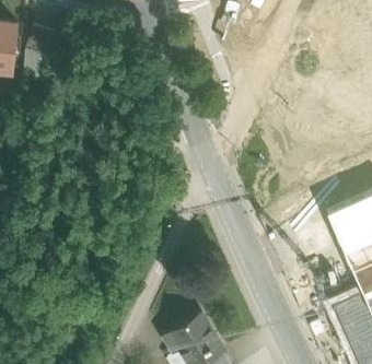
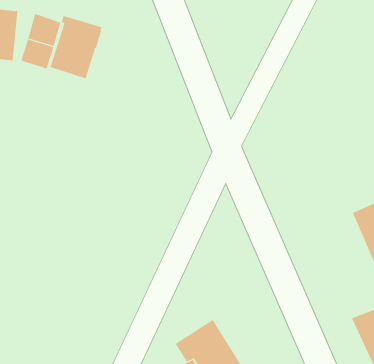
building: none -> [50,15,102,79]

